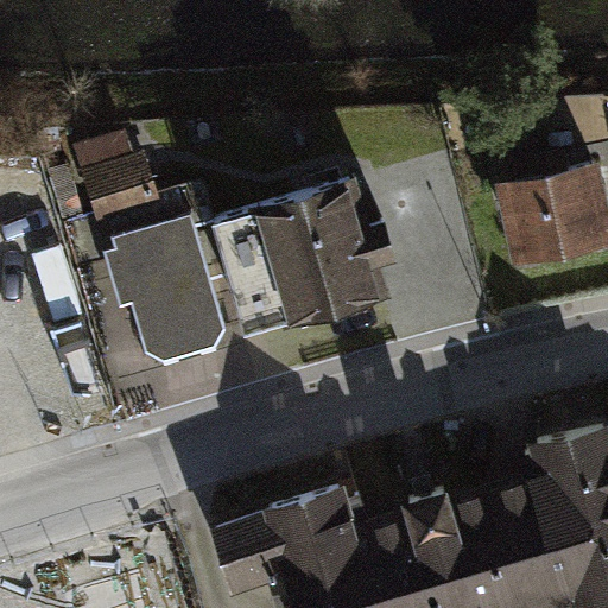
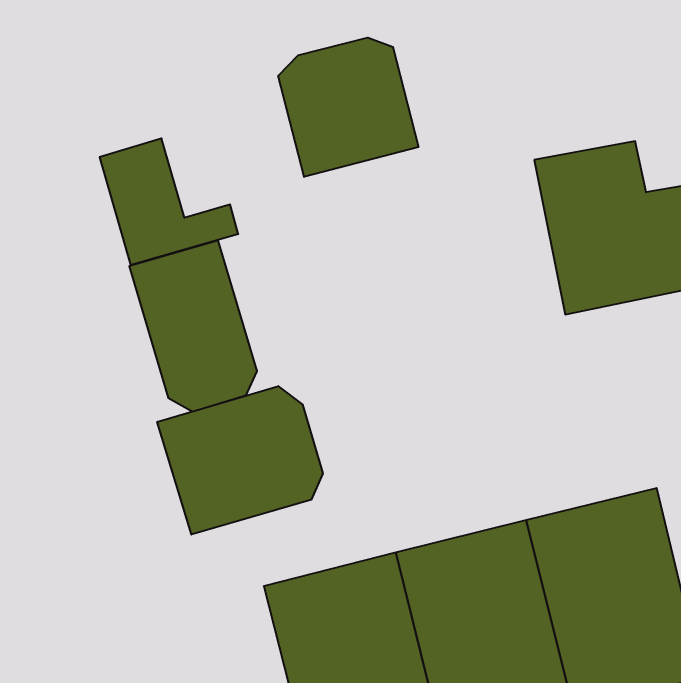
building: none -> [278,38,418,177]
building: [230,184,375,329] -> none
building: none -> [157,386,323,535]

